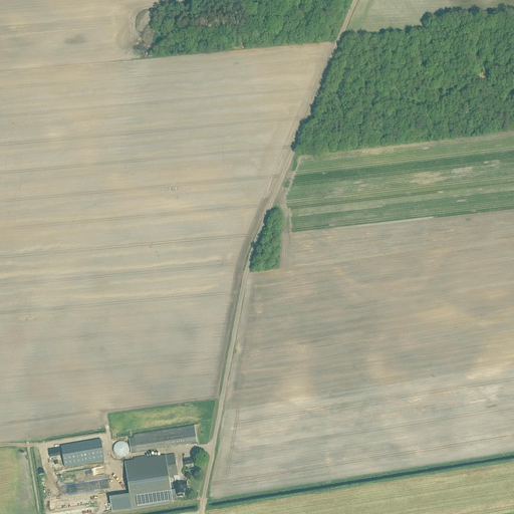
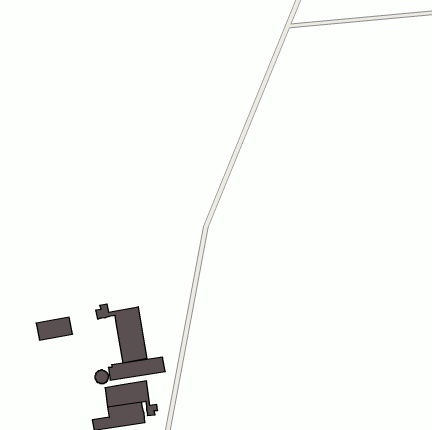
building: none -> [96,304,147,363]
building: [60,438,103,465] -> [36,317,73,340]

